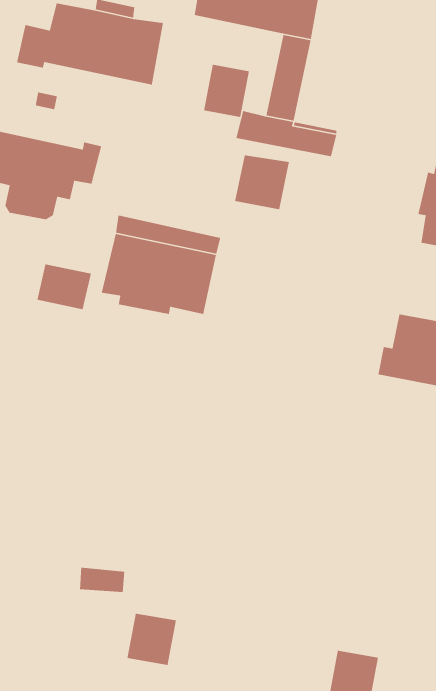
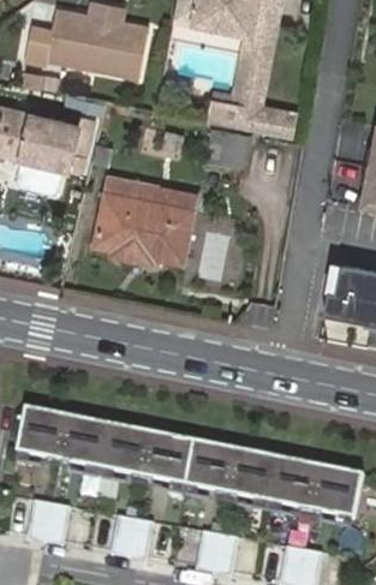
building: [203,64,250,118] -> none
building: [36,263,92,310] -> none
building: none -> [20,407,368,519]
building: none -> [31,500,74,545]
building: none -> [201,531,243,575]

